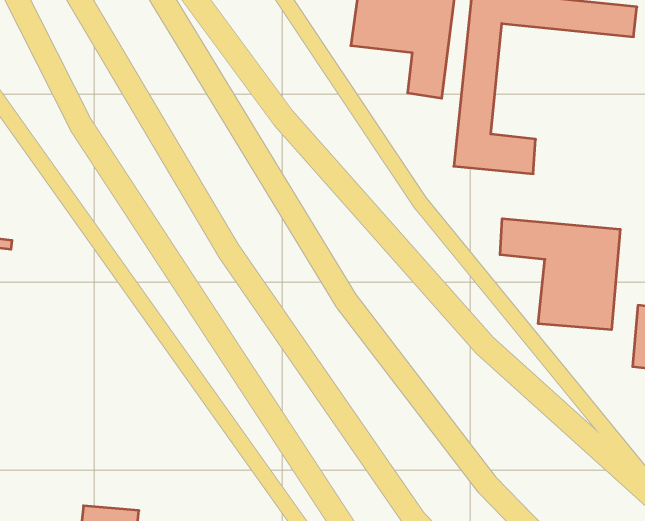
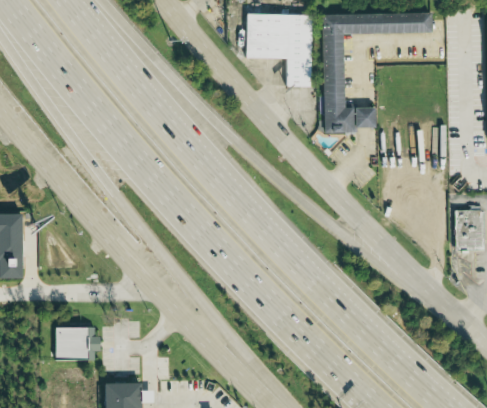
building: [500,219,620,330] -> none
building: none -> [54,327,97,360]

